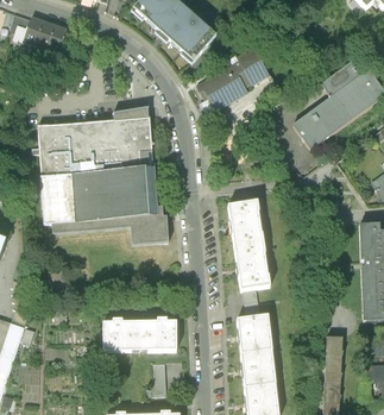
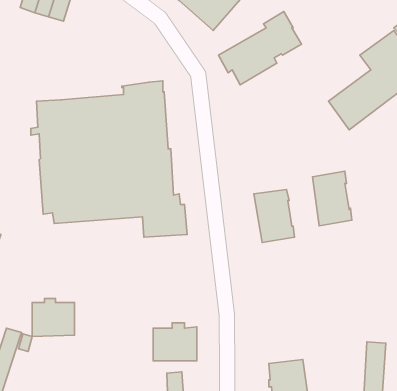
building: [235,243,270,290] -> [312,171,352,226]
building: [238,315,272,353] -> none
building: [103,319,140,352] -> [32,298,74,336]

